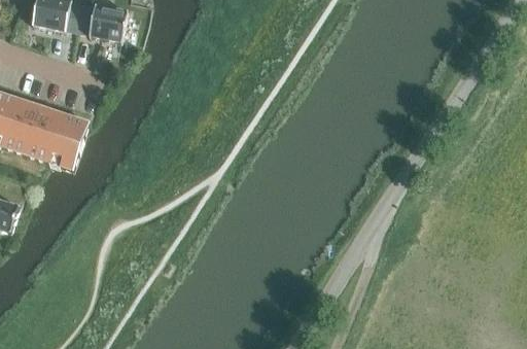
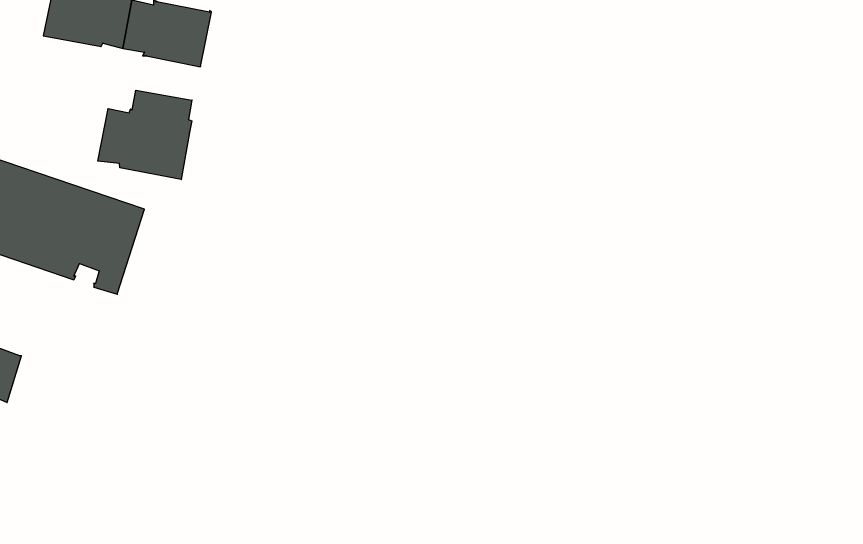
building: none -> [98,90,192,180]

